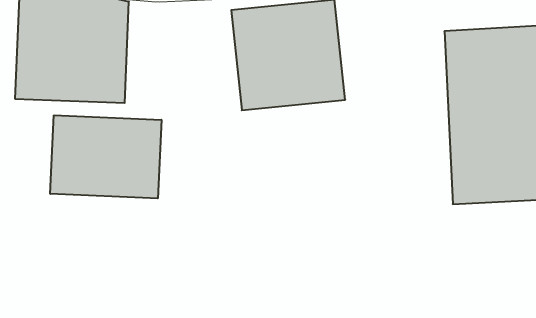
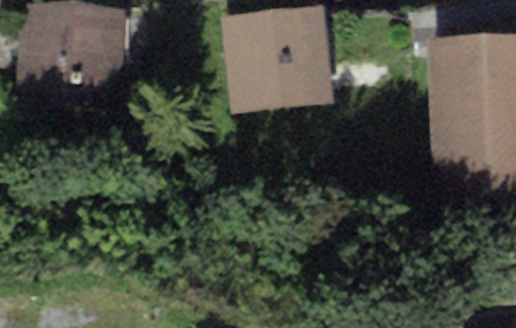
building: [50,115,161,198] -> none

